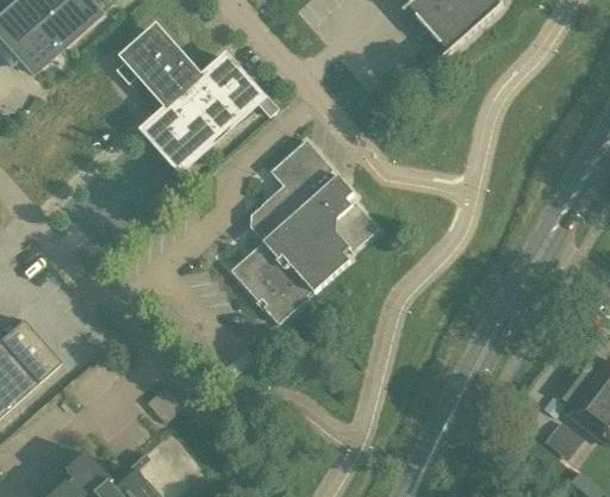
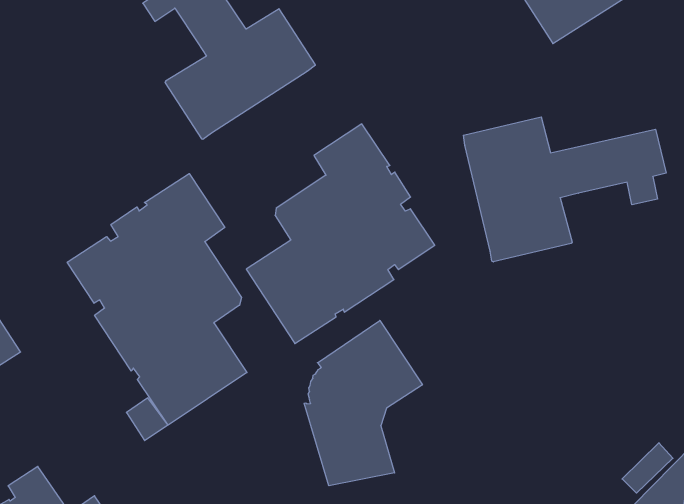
building: none -> [463,117,666,262]
building: none -> [67,174,247,425]
building: none -> [304,320,422,486]

